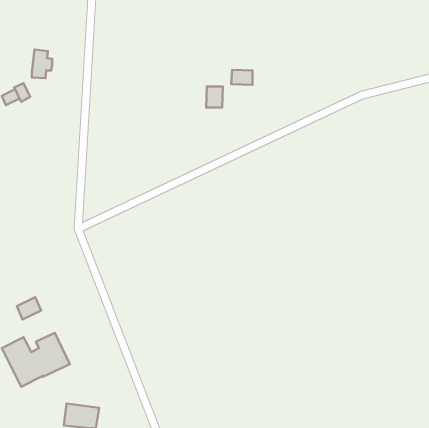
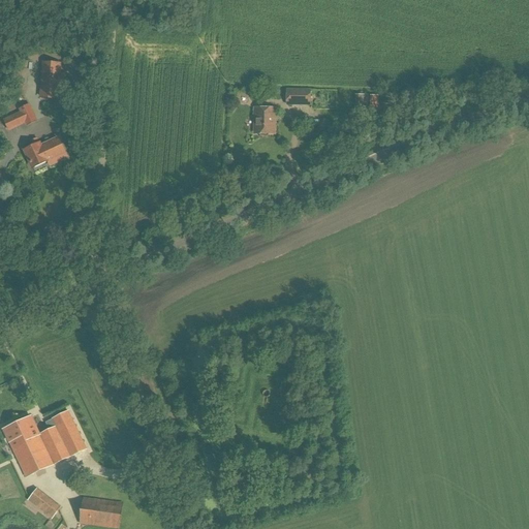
building: none -> [24,136,66,165]
building: [17,297,41,319] -> none
building: none -> [30,488,65,518]

